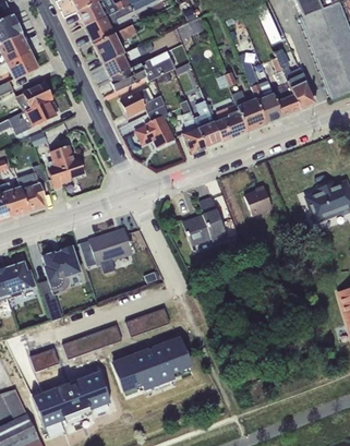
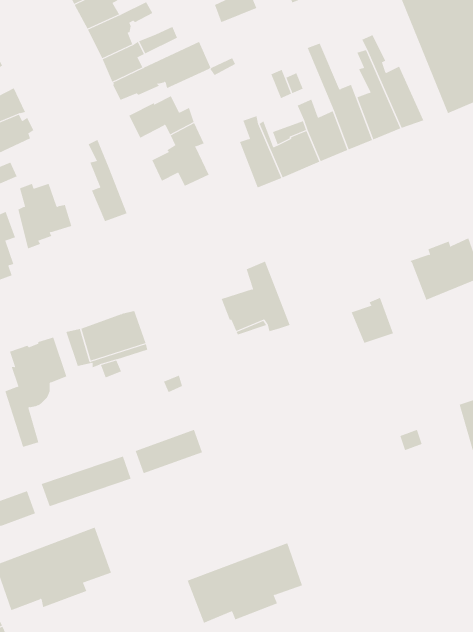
building: [179,99,205,154] -> [88,139,128,222]
building: [243,185,271,216] -> [351,297,394,343]
building: [112,338,189,391] -> [187,542,303,623]

